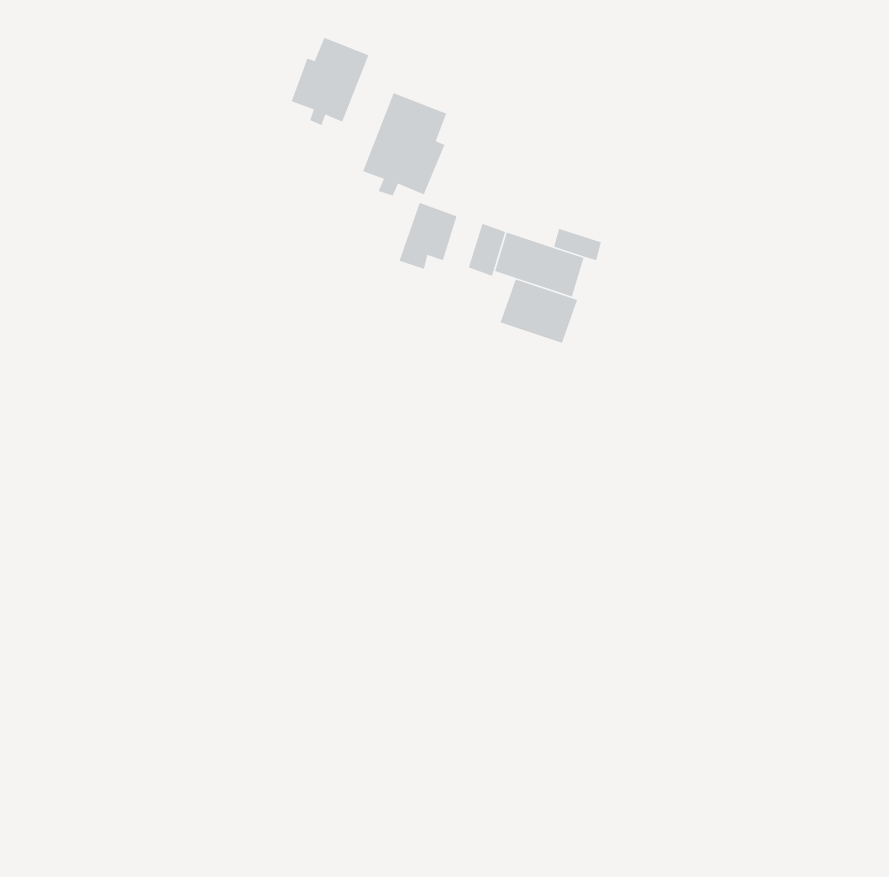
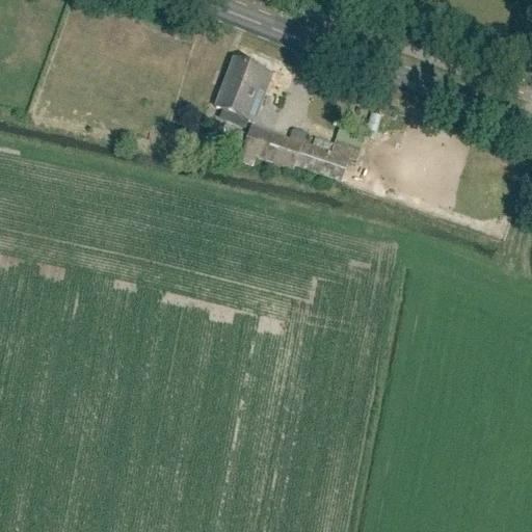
building: [291,37,369,126] -> none
building: [499,278,578,344] -> none

